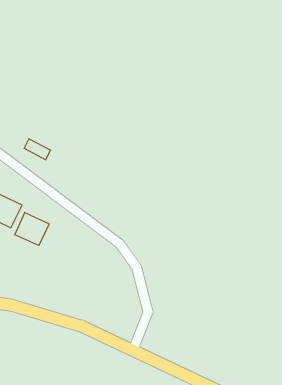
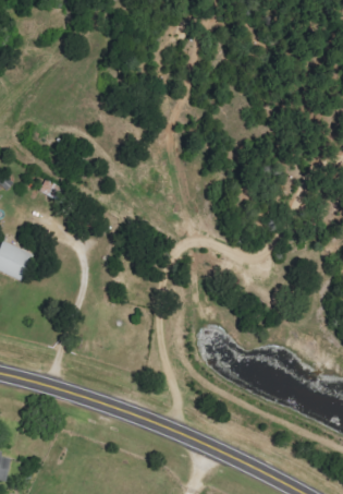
building: [15,212,49,245] -> none

